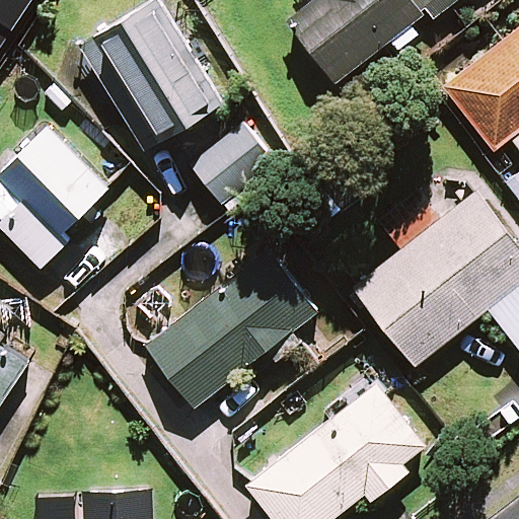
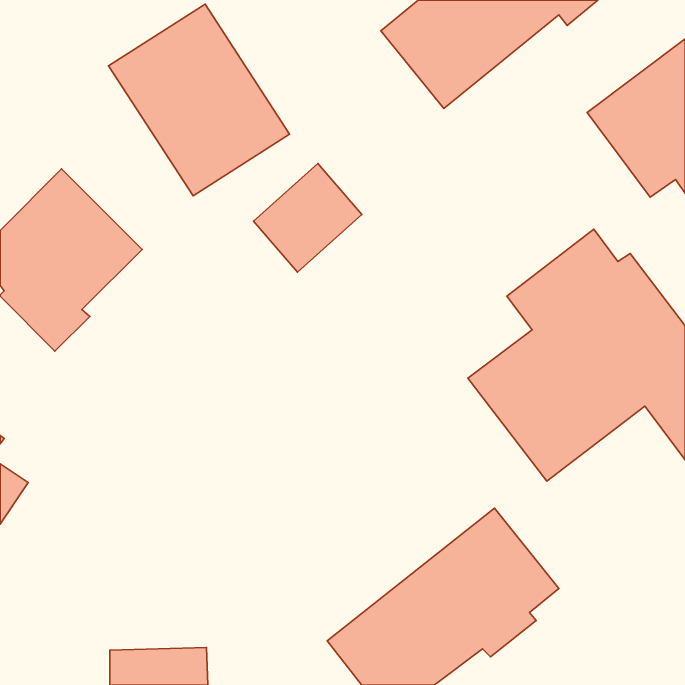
building: [147,252,315,405] -> none

